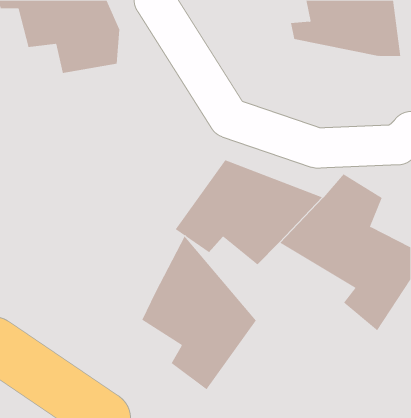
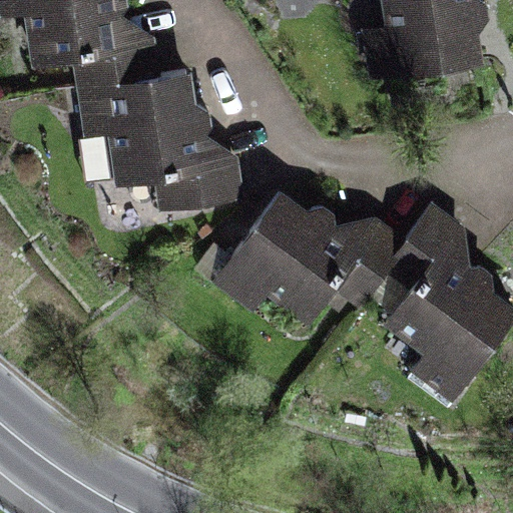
building: none -> [76,76,219,209]
building: [142,236,257,390] -> none

